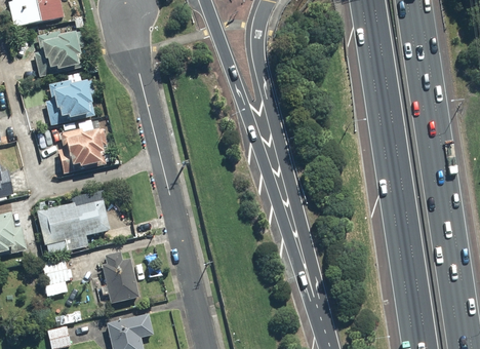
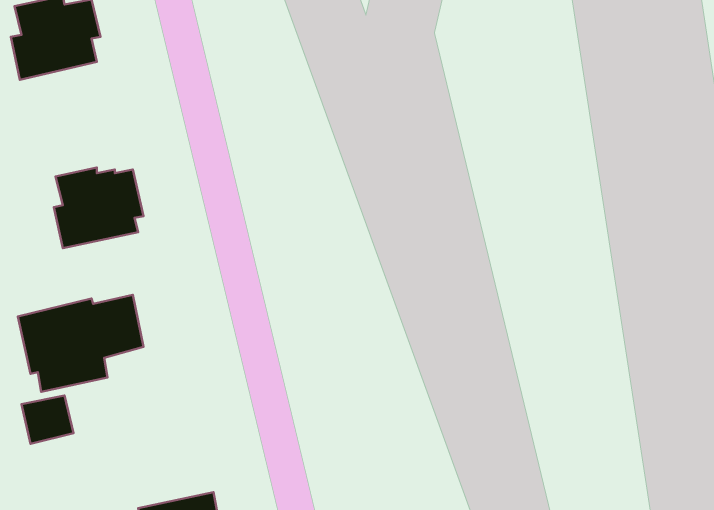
building: [44,73,94,127] -> none
building: [99,251,139,304] -> none

